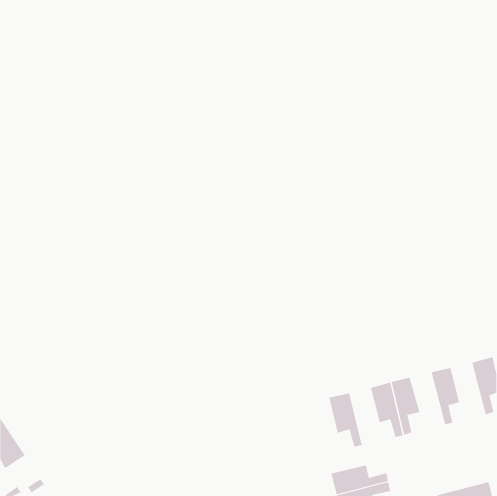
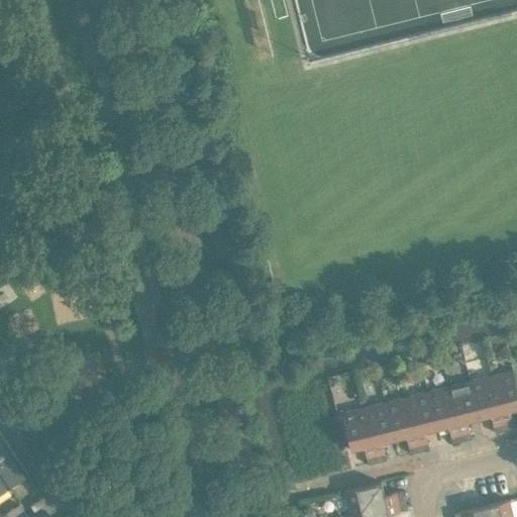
building: none -> [468,378,503,434]
building: none -> [425,388,460,444]
building: none -> [363,404,393,463]

